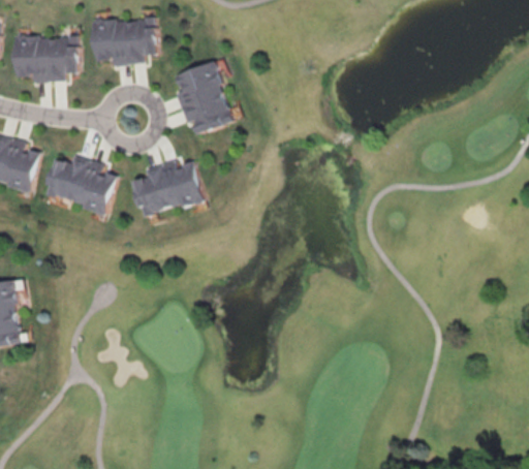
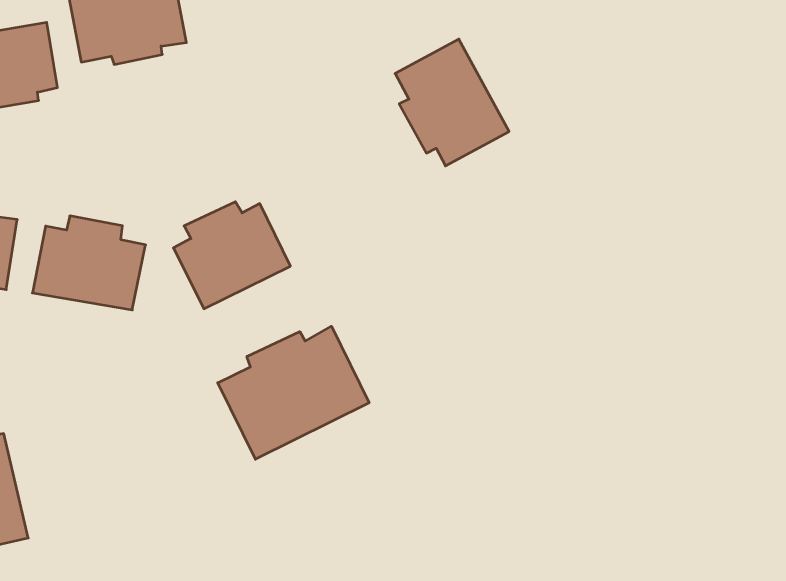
building: [174,57,238,132] -> [395,39,509,166]
building: none -> [218,326,369,459]

